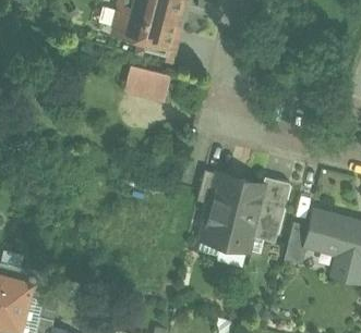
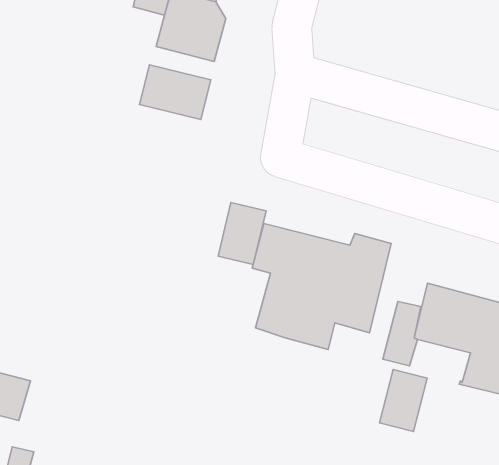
building: none -> [218,203,266,264]
building: none -> [379,370,427,432]

